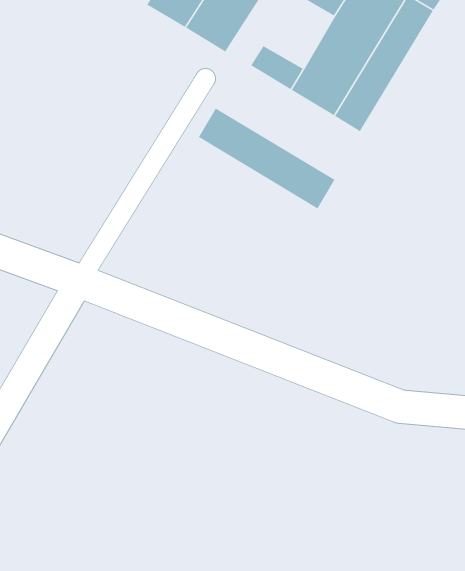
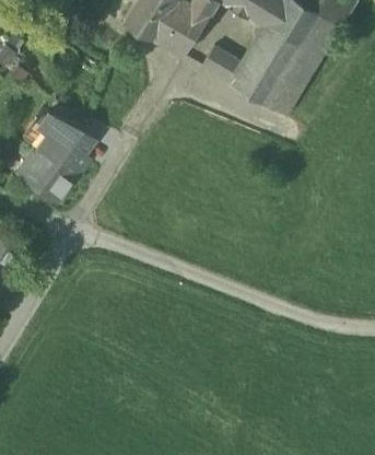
building: [198,107,336,209] -> none
building: none -> [17,114,93,202]

